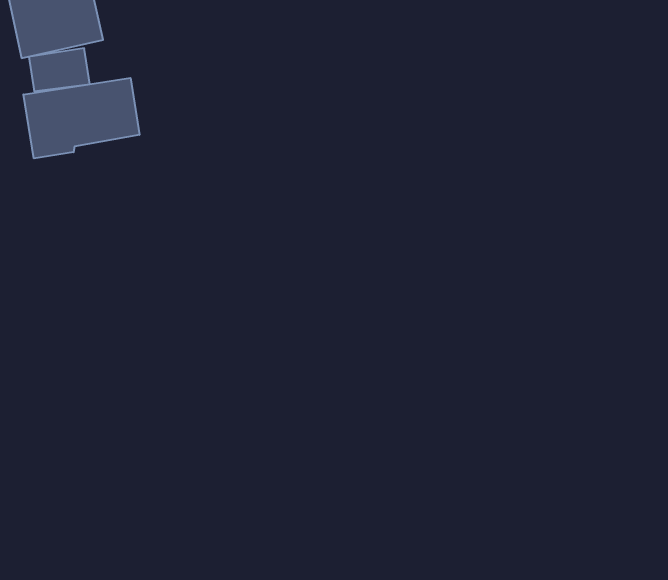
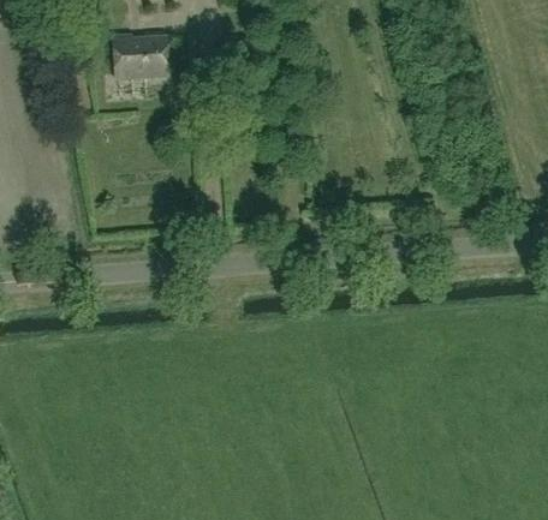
building: [23,78,139,158] -> none

